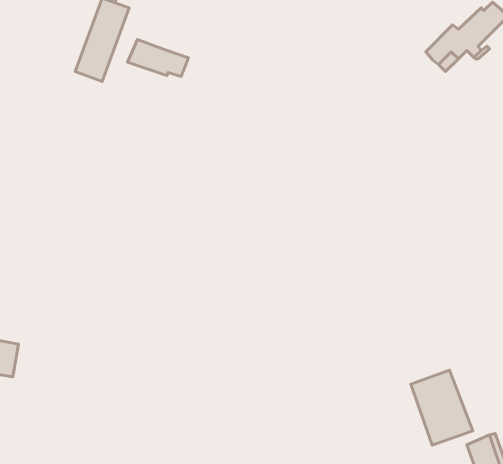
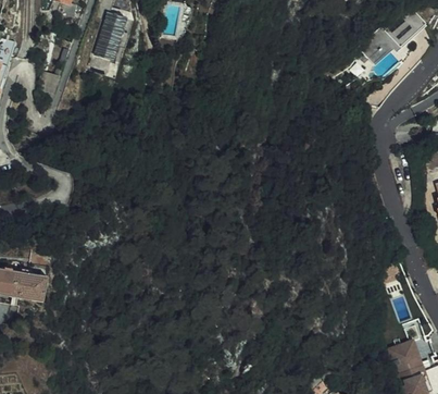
building: [128,39,189,77] -> none
building: [411,370,473,445] -> none

